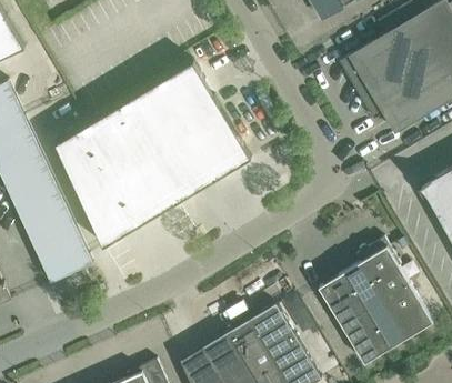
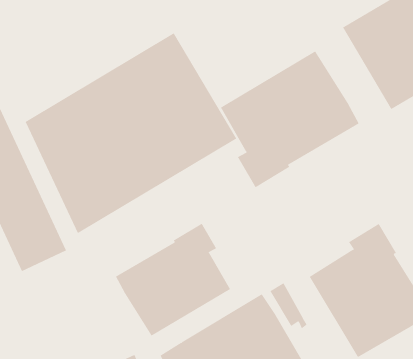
building: none -> [220,51,360,188]
building: none -> [115,223,231,337]

